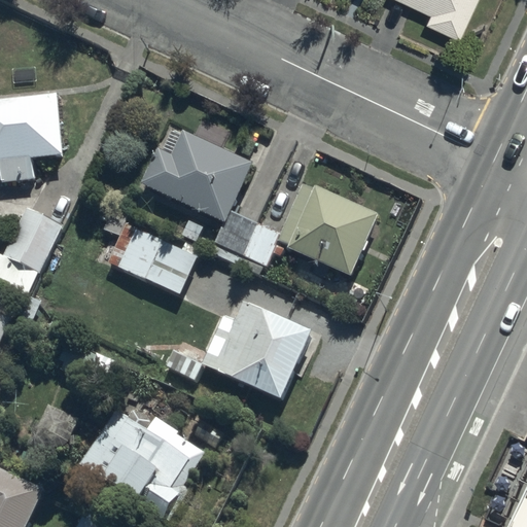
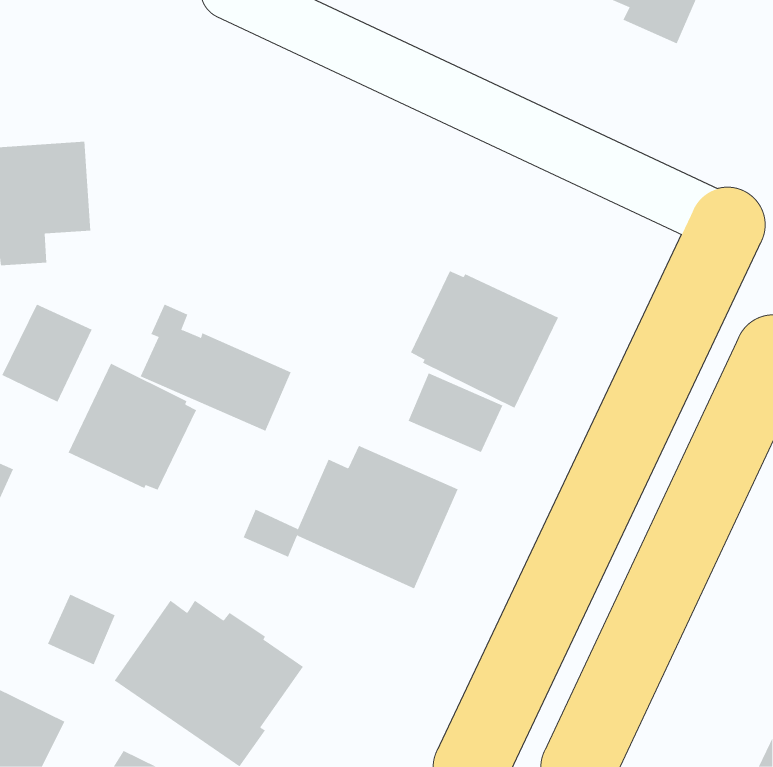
building: [140,130,279,273] -> none
building: none -> [68,363,197,491]
building: none -> [408,372,503,453]

